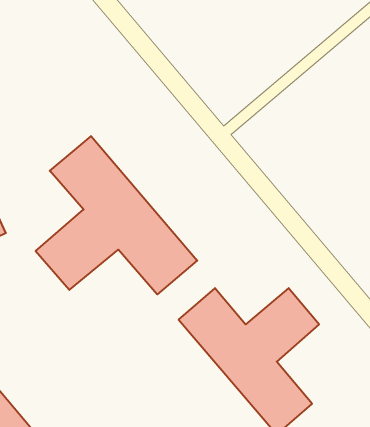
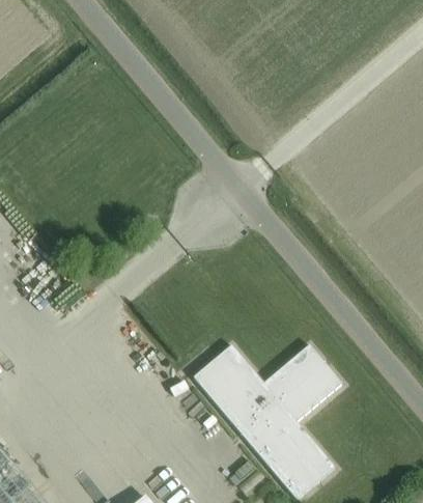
building: [36,136,197,294] -> none

